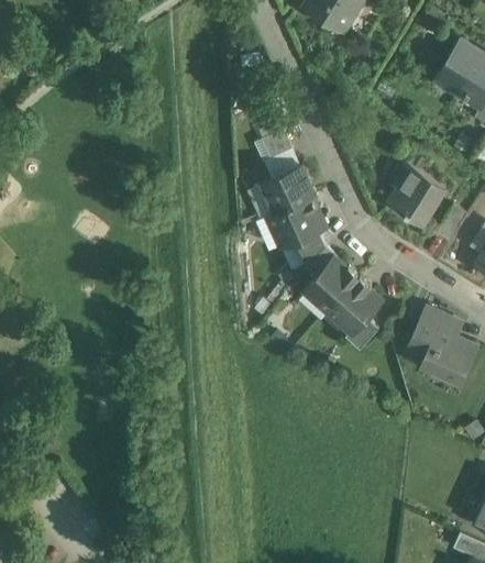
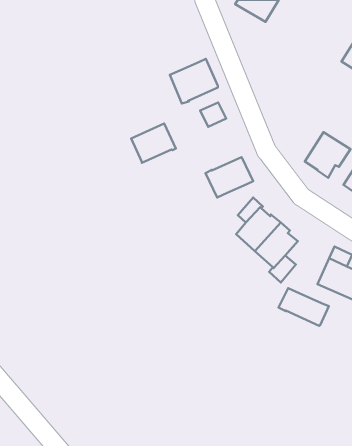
building: none -> [170,59,218,104]
building: [261,166,316,214] -> [131,123,176,163]
building: [293,231,324,269] -> none
building: none -> [279,288,329,326]

